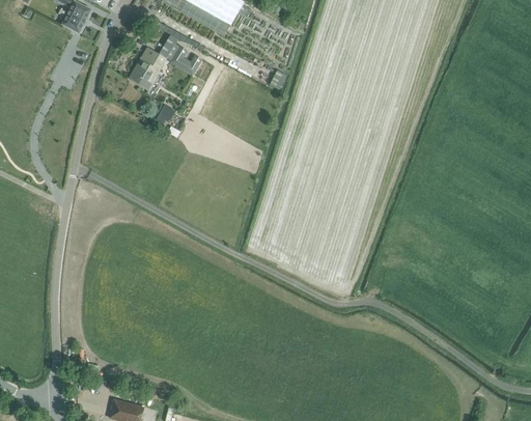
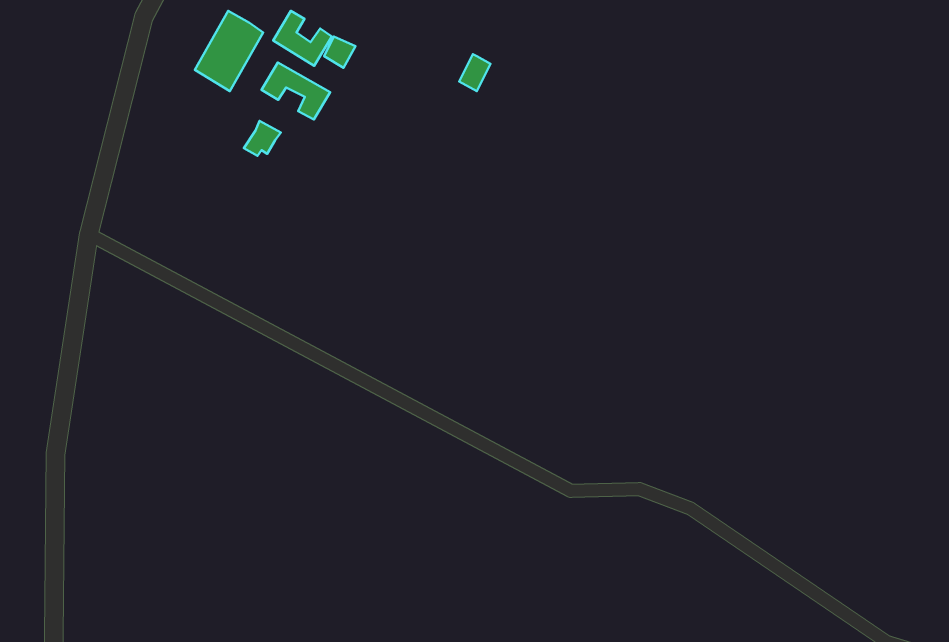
building: none -> [261,62,330,119]

